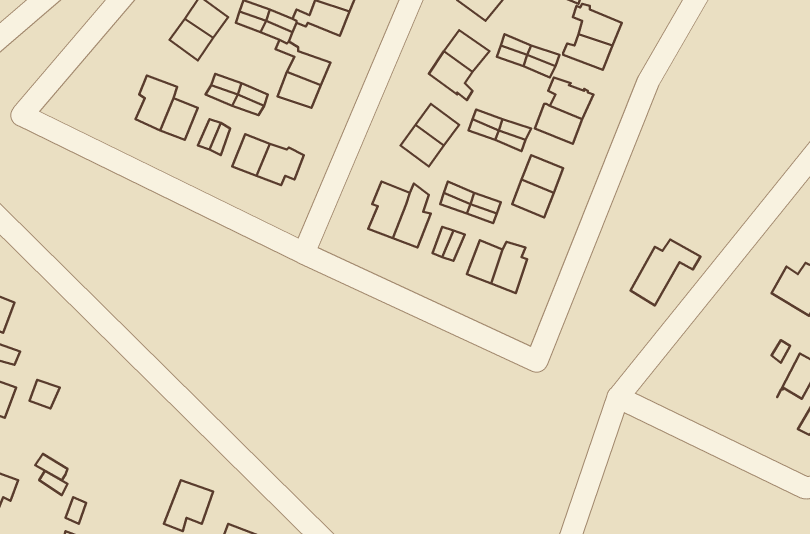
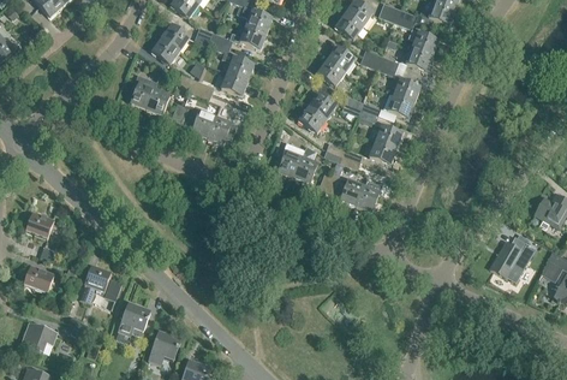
building: [630,239,700,306] -> [489,236,533,278]
building: none -> [79,266,120,302]
building: none -> [118,303,149,337]

